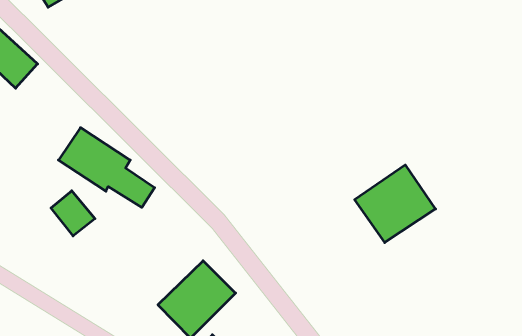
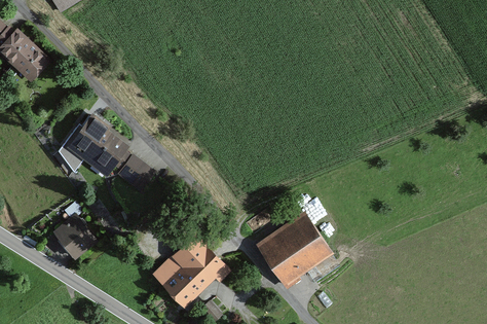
building: [355,165,436,243] -> [261,214,333,283]
building: [51,191,95,236] -> [53,217,92,257]

